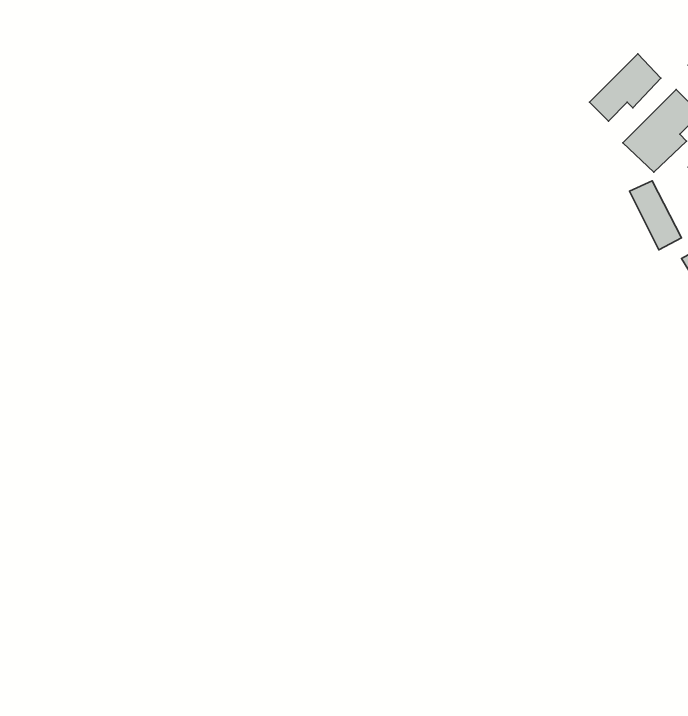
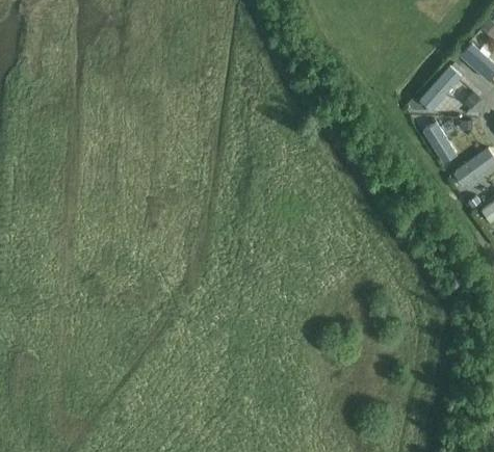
building: [590,54,661,121] -> none

